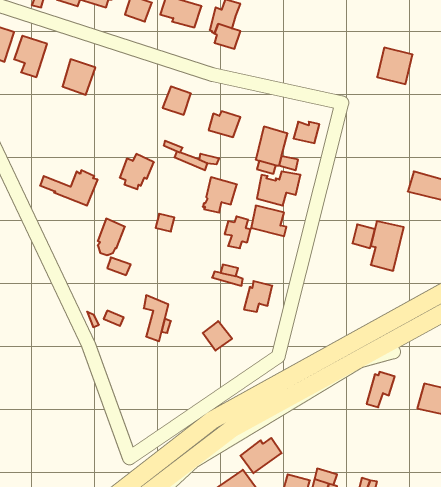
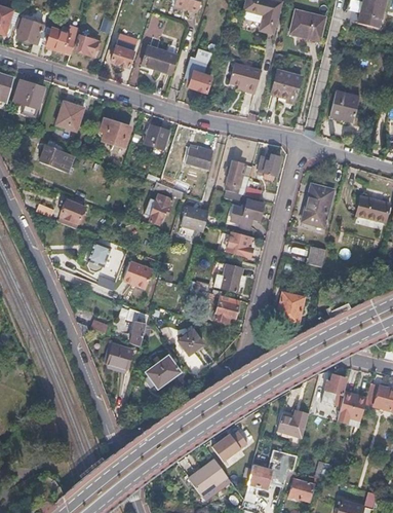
building: none -> [228,66,261,97]
building: none -> [271,71,301,104]
building: none -> [102,114,130,146]
building: none -> [38,139,71,172]
building: [120,154,154,189] -> [144,194,173,225]
building: [225,216,251,248] -> [221,263,243,291]
building: [371,221,404,271] -> [302,183,330,226]
building: none -> [122,260,151,288]
building: none -> [273,291,302,321]
building: none -> [106,344,131,369]
building: none -> [145,354,176,382]
building: none -> [337,392,366,423]
building: none -> [277,409,308,437]

